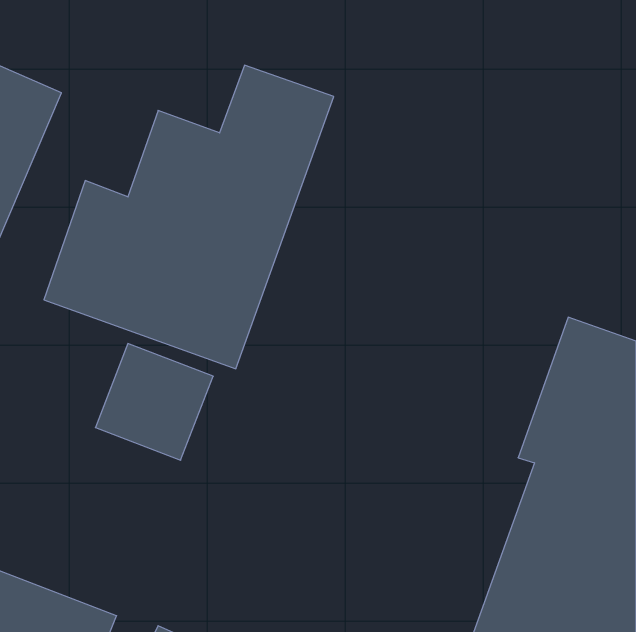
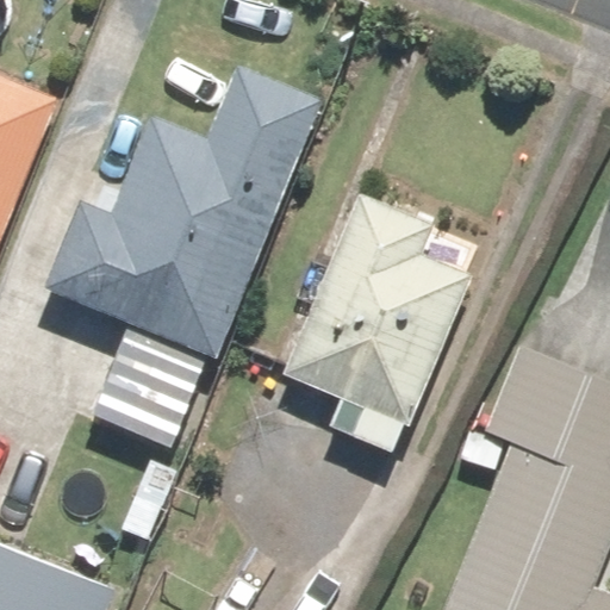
building: none -> [281,195,488,454]

